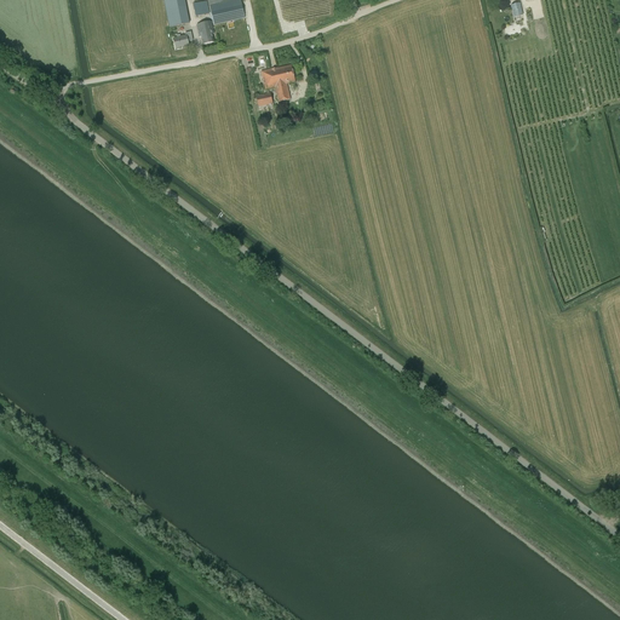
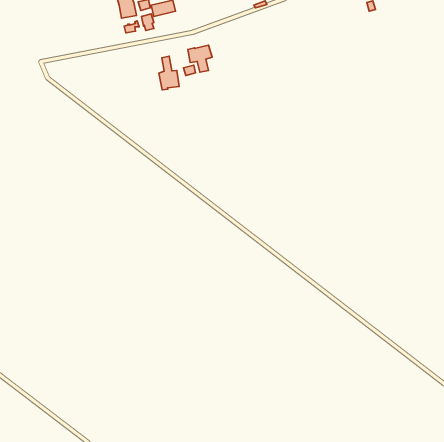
building: none -> [159,56,179,90]

